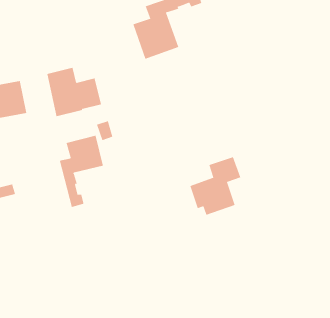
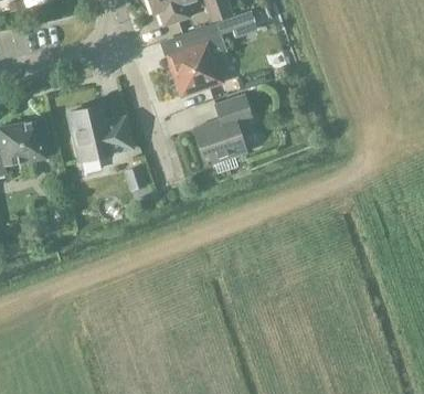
building: [59,135,104,208] -> none
building: [189,156,241,216] -> [193,94,253,162]

